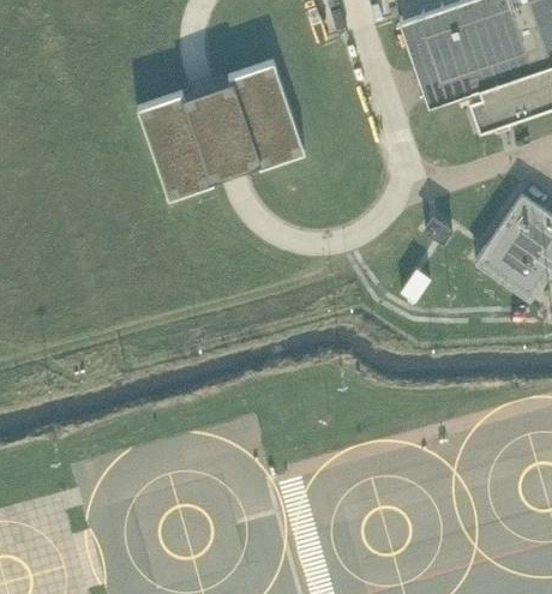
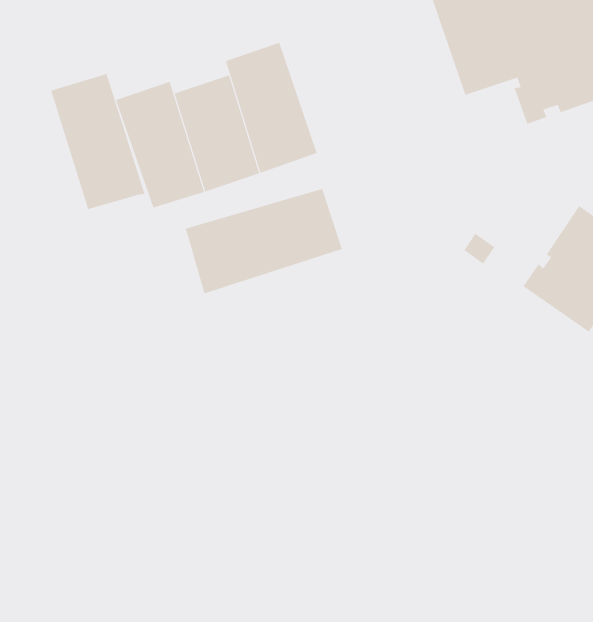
building: none -> [50,73,145,210]
building: none -> [185,188,343,294]

